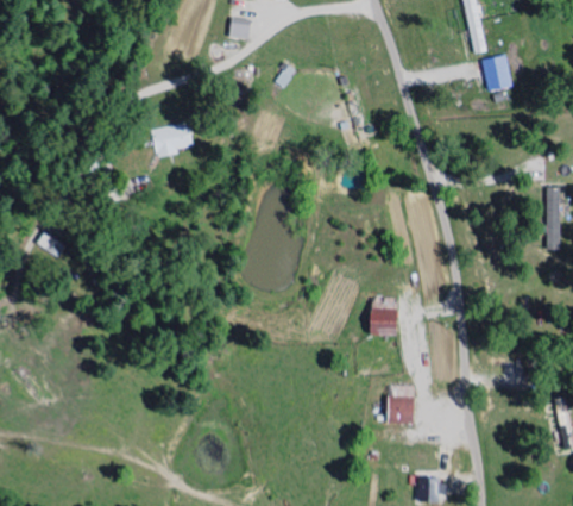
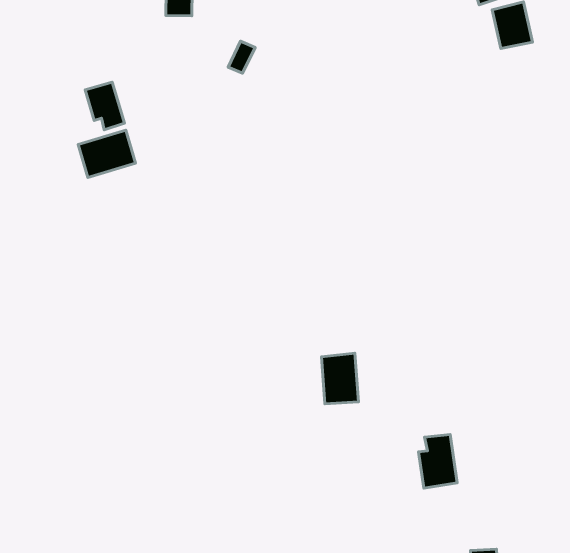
building: none -> [85,82,125,130]
building: [372,298,399,336] -> [321,353,359,404]

